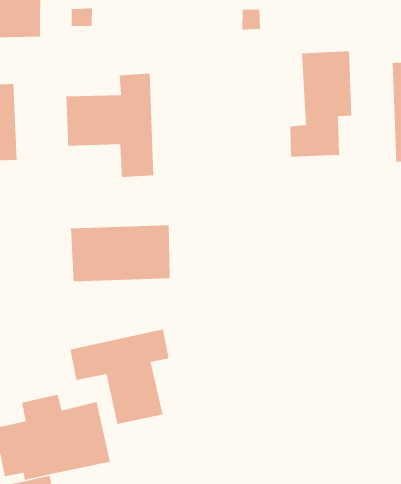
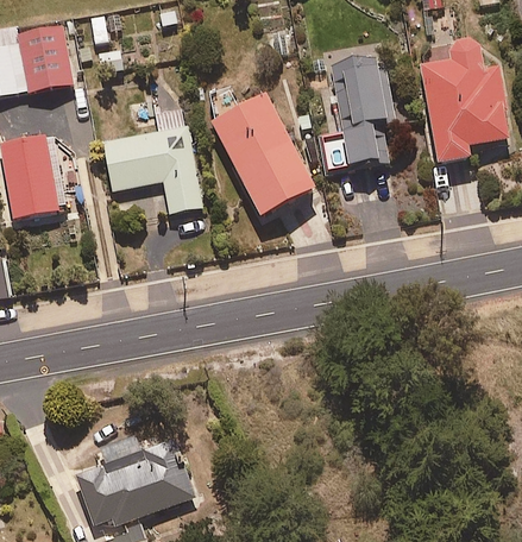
building: none -> [214,95,317,219]
building: [70,224,171,282] -> none
building: [69,328,169,425] -> none

